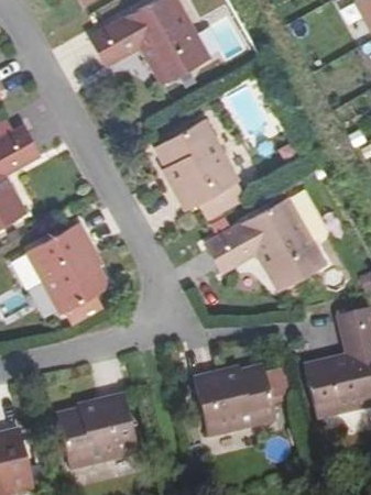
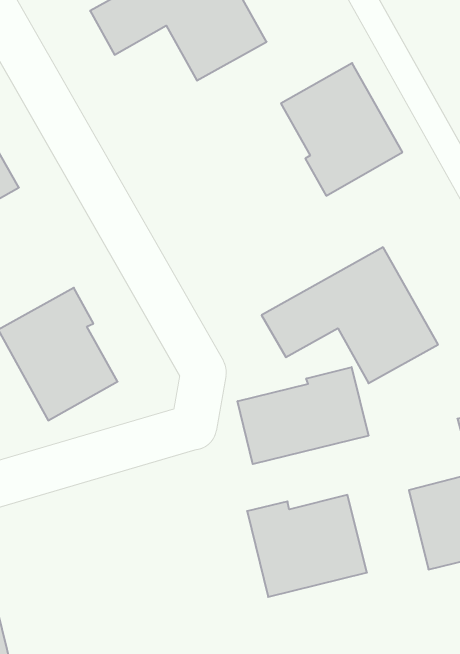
building: [154,121,237,211] -> [281,63,402,196]
building: none -> [238,367,368,464]
building: [57,394,139,469] -> none

